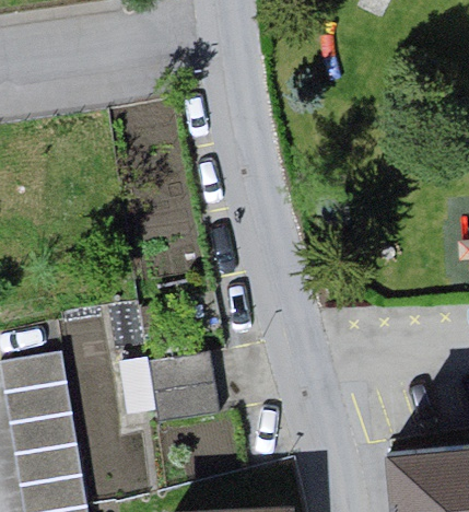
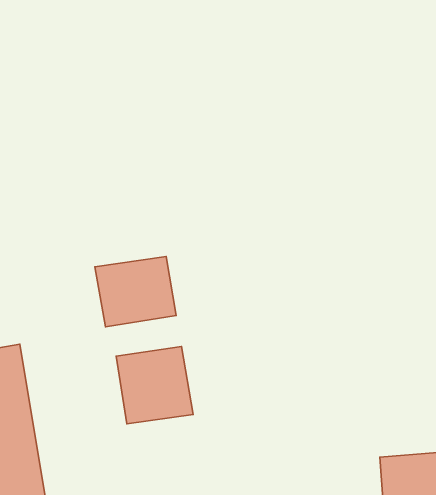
building: none -> [95,257,176,327]

